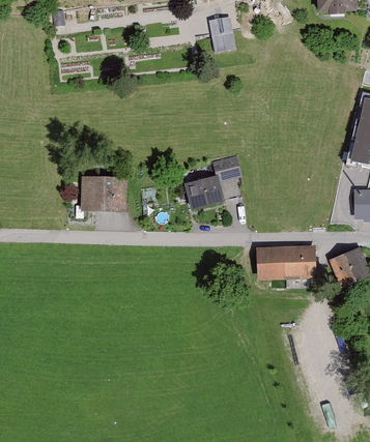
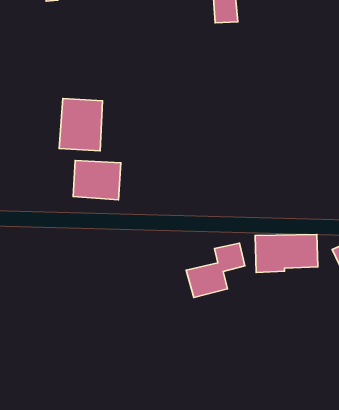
building: none -> [59,98,103,151]
building: [184,156,240,208] -> [186,243,245,297]

